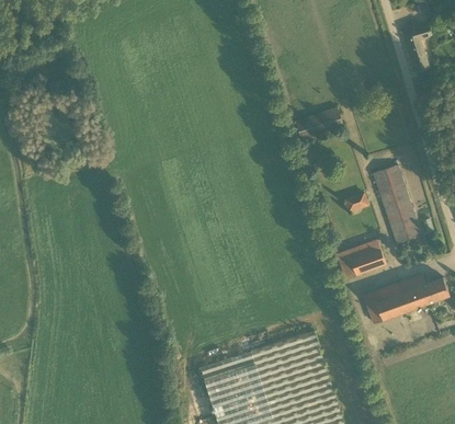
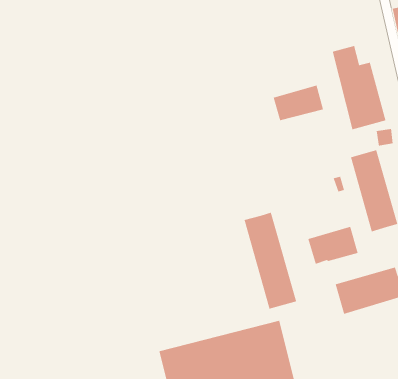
building: none -> [332,45,386,130]
building: none -> [244,212,297,309]

